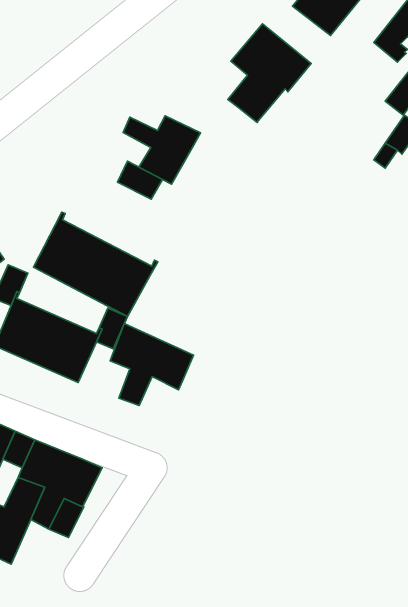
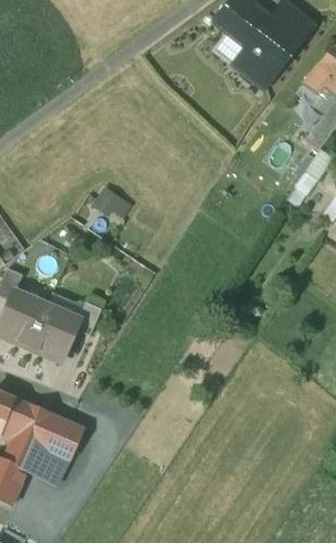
building: [228,24,311,122] -> none
building: [123,116,201,184] -> none
building: [34,212,158,317] -> none
building: [110,324,194,406] -> none

